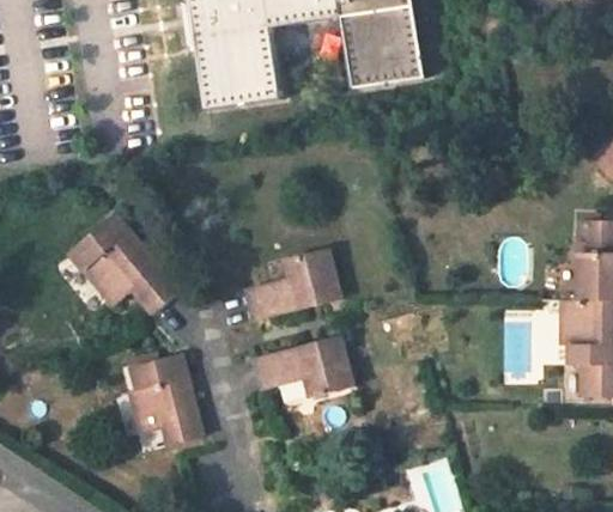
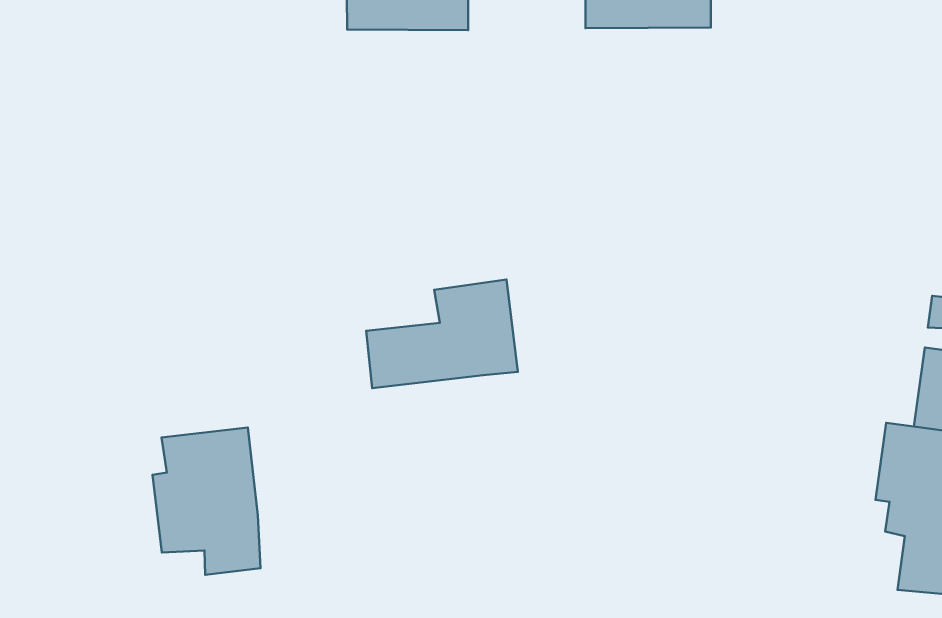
building: [71,214,181,312] -> none
building: [254,334,351,396] -> none

